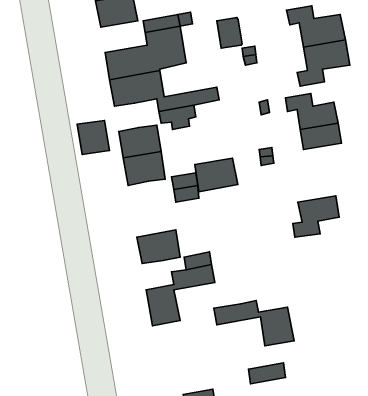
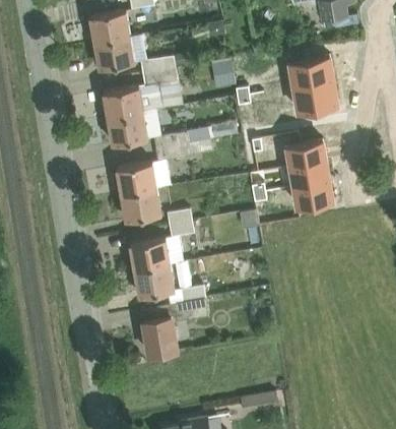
building: [77,120,109,154] -> none
building: [195,158,238,192] -> [129,238,171,270]
building: [293,196,339,237] -> [288,180,333,220]
building: [214,300,294,346] -> none

